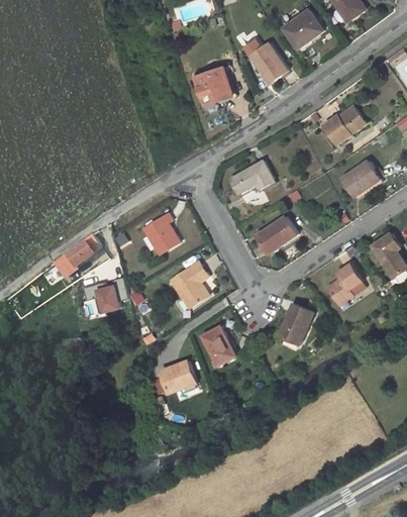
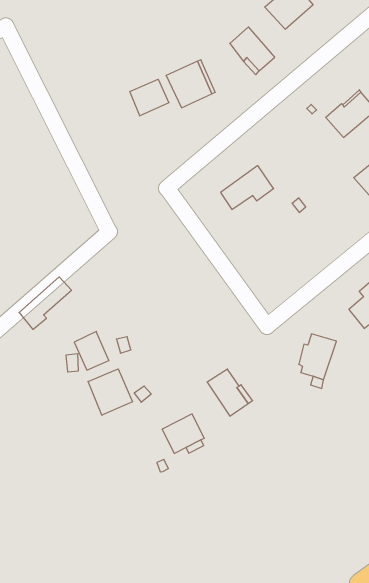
building: none -> [130,79,169,116]
building: [142,213,178,254] -> none
building: [257,216,297,251] -> none
building: [170,262,208,308] -> none
building: none -> [88,369,132,415]

